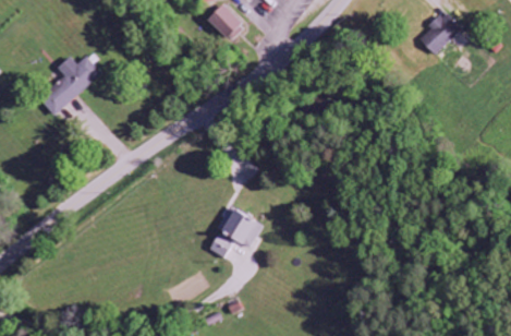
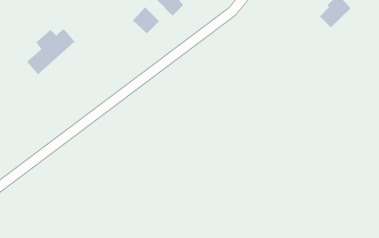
building: none -> [132,7,160,34]
building: [209,205,263,257] -> none

